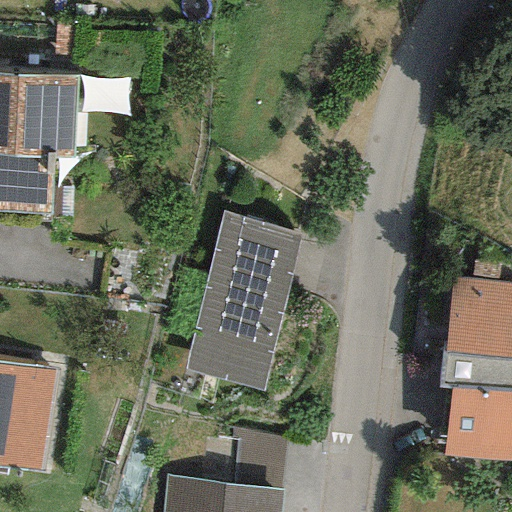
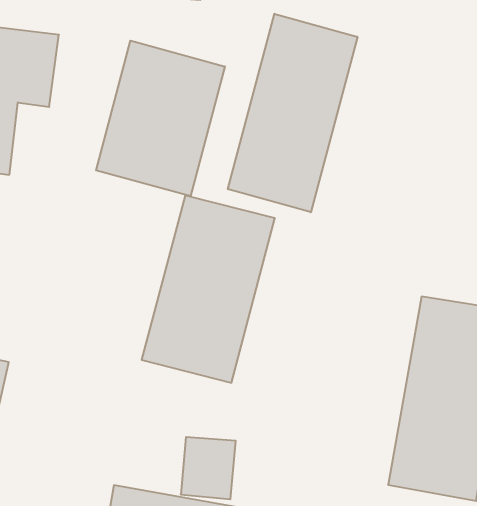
building: none -> [228,14,357,212]
building: none -> [96,41,225,196]

